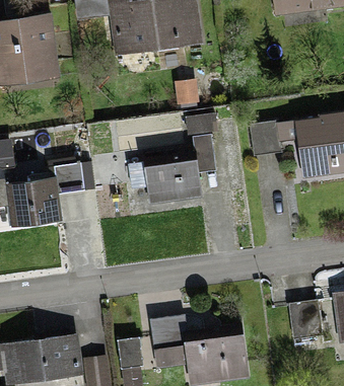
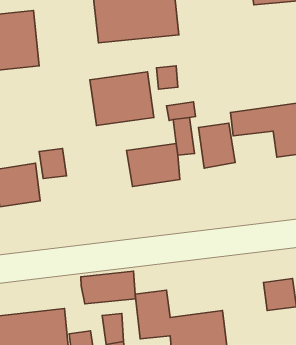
building: none -> [90,72,154,126]
building: none -> [198,123,235,168]
building: none -> [81,271,136,304]

